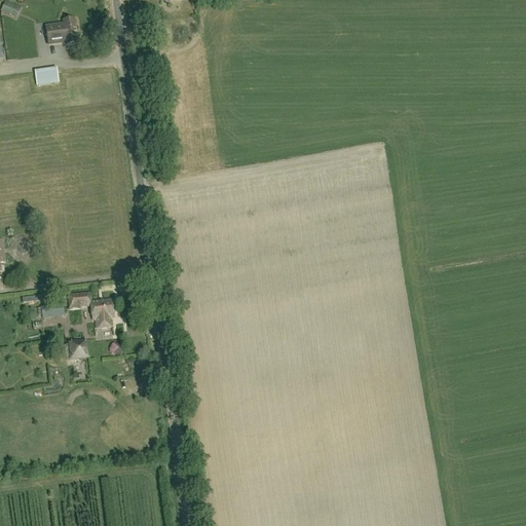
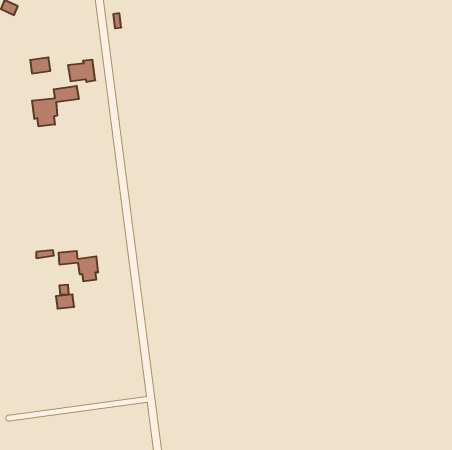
building: [45,18,77,44] -> [68,60,95,82]
building: none -> [32,86,79,126]

